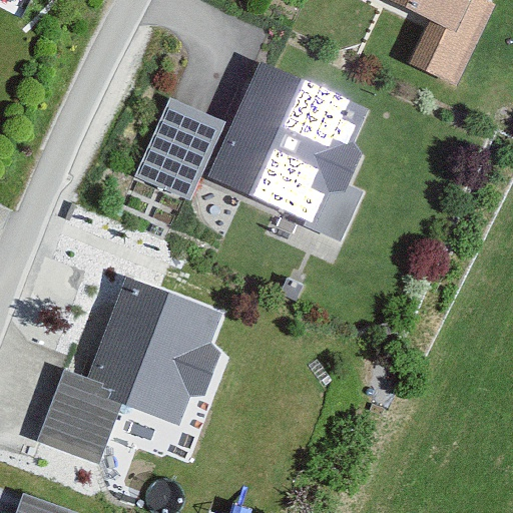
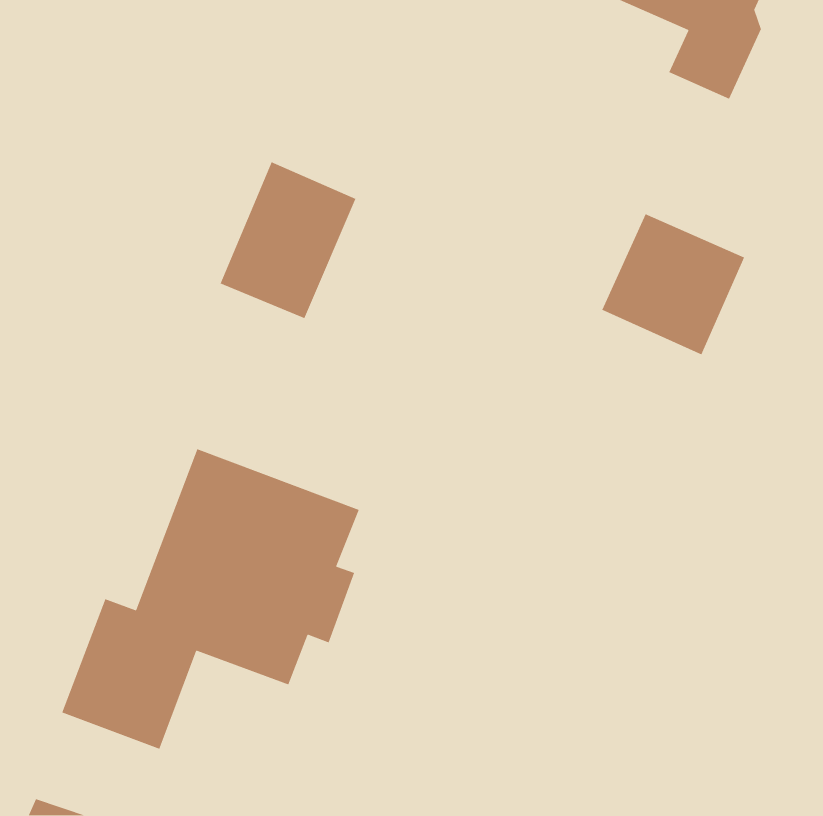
building: [208,64,368,225] -> none
building: none -> [601,213,745,356]

